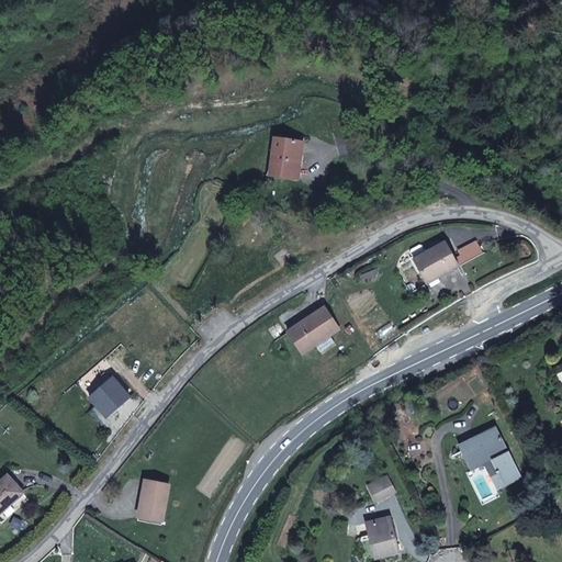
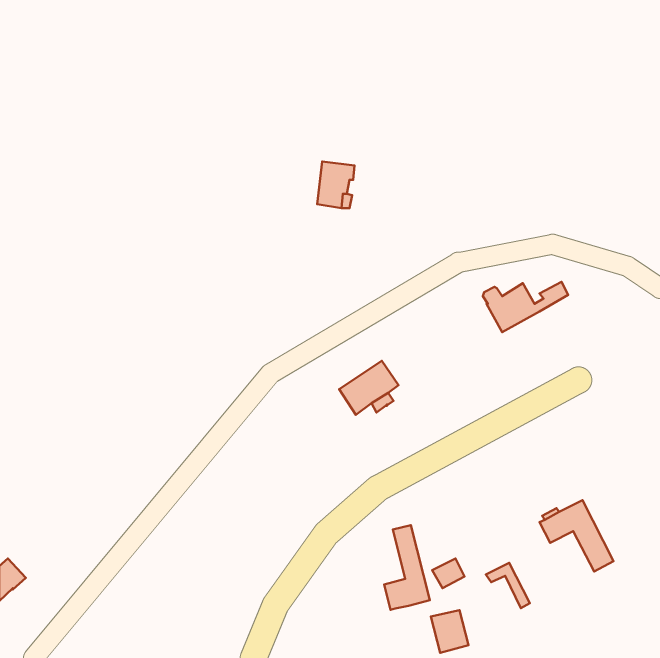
building: [89,376,128,416] -> none
building: none -> [384,525,430,610]
building: [467,451,504,490] -> [486,563,530,608]
building: [139,479,168,519] -> none

